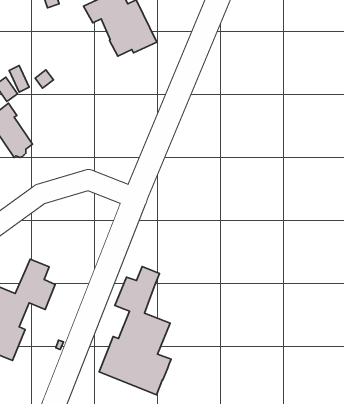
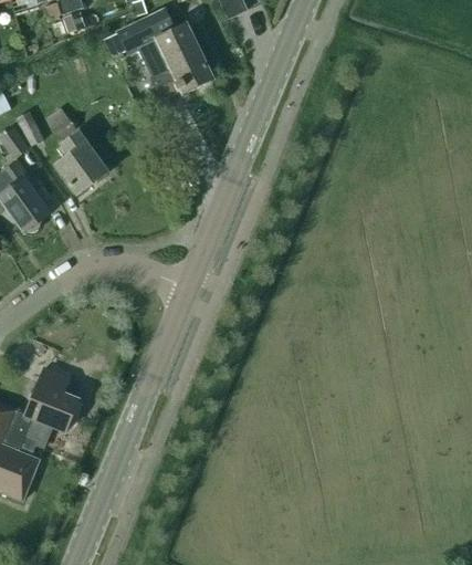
building: none -> [54,130,108,193]
building: [99,266,171,395] -> none

